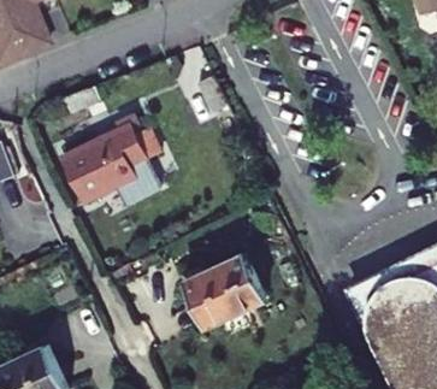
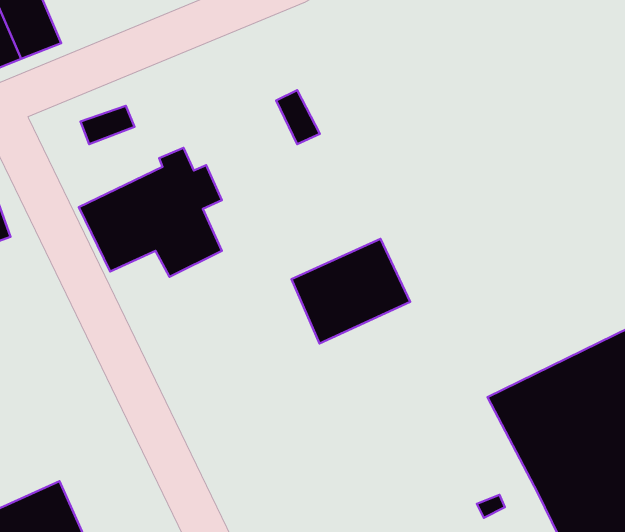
building: [183,255,265,328] -> [292,239,410,344]

